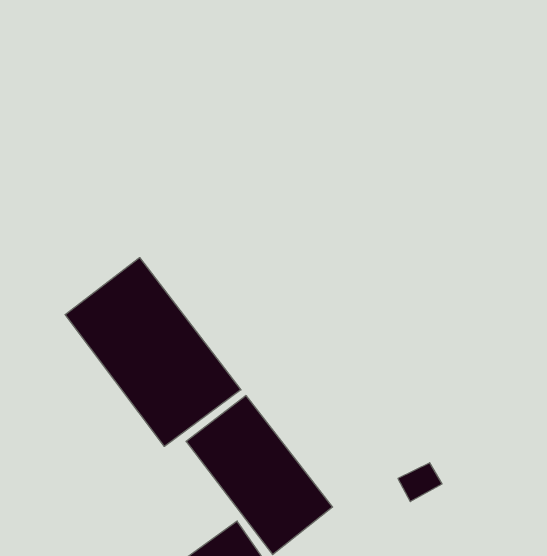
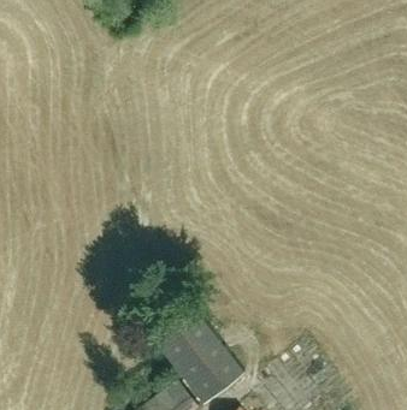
building: [65,258,241,446] -> none

